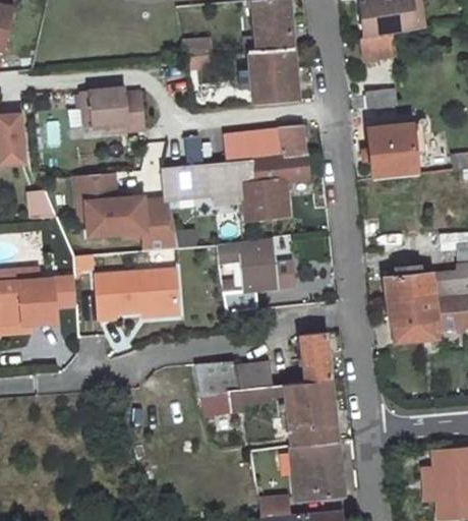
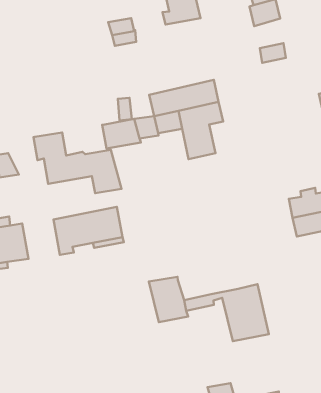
building: [243,49,302,105] -> none
building: [82,86,145,130] -> none
building: [359,123,415,181] -> none
building: [216,238,276,310] -> none
building: [302,333,332,383] -> none
building: [235,360,274,390] -> none
building: [294,442,344,497] -> none

